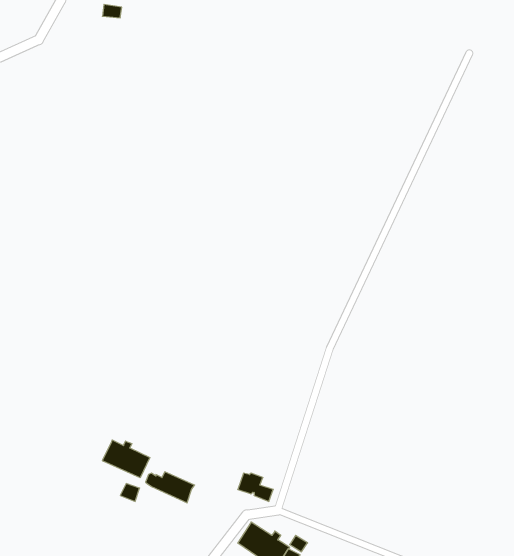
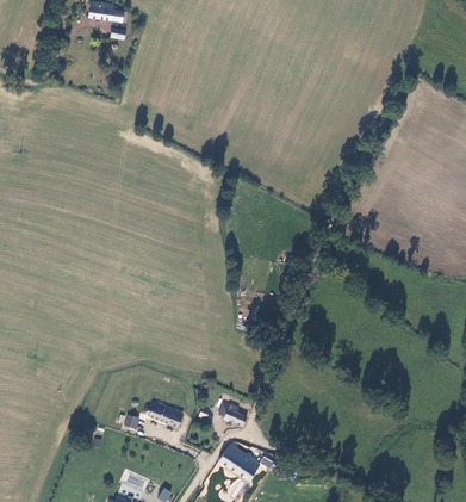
building: [103,440,150,478] -> none

